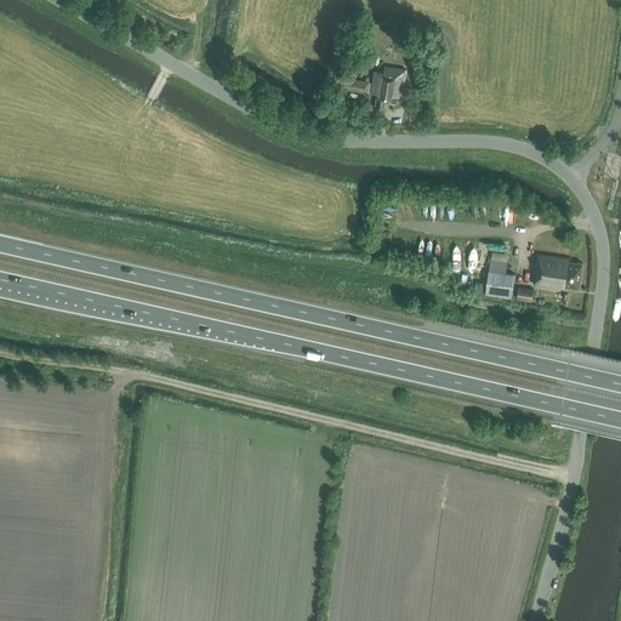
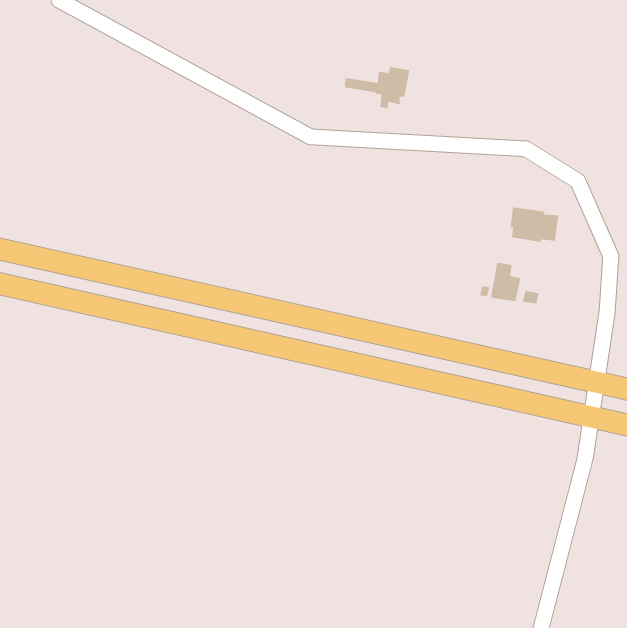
building: [535,252,583,287] -> [510,207,559,242]

